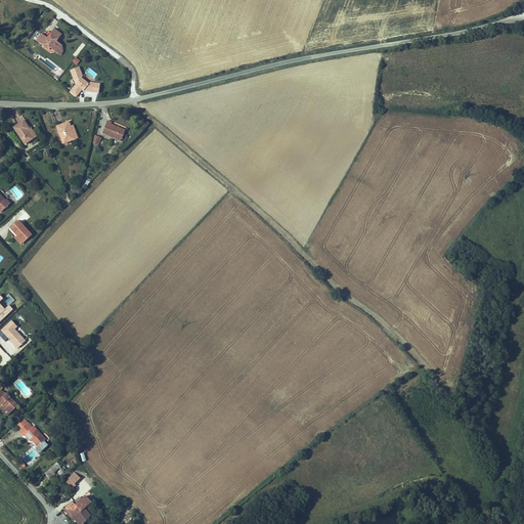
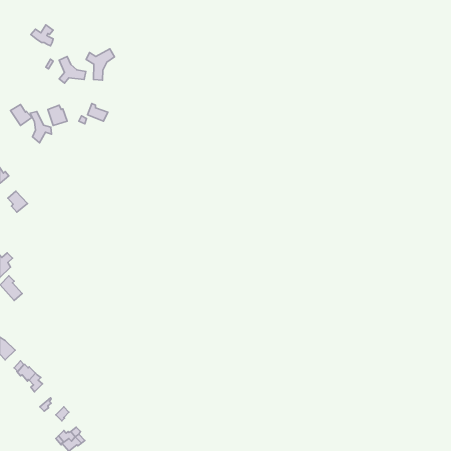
building: none -> [86,49,115,80]
building: none -> [30,111,52,143]

